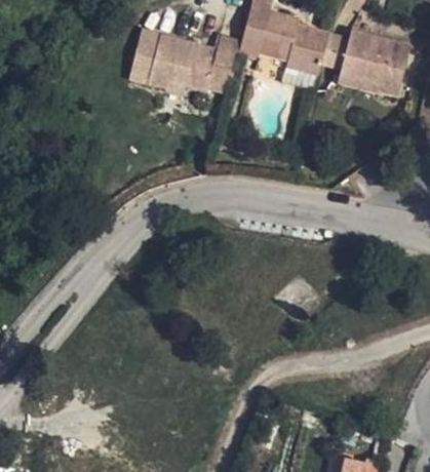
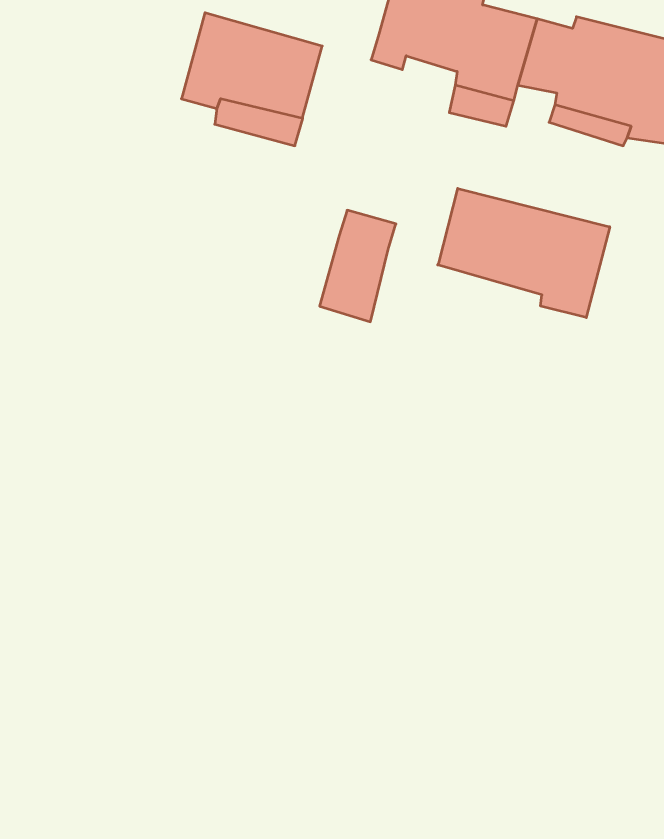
building: [199,31,239,89] -> [320,210,396,322]
building: none -> [438,188,610,318]

